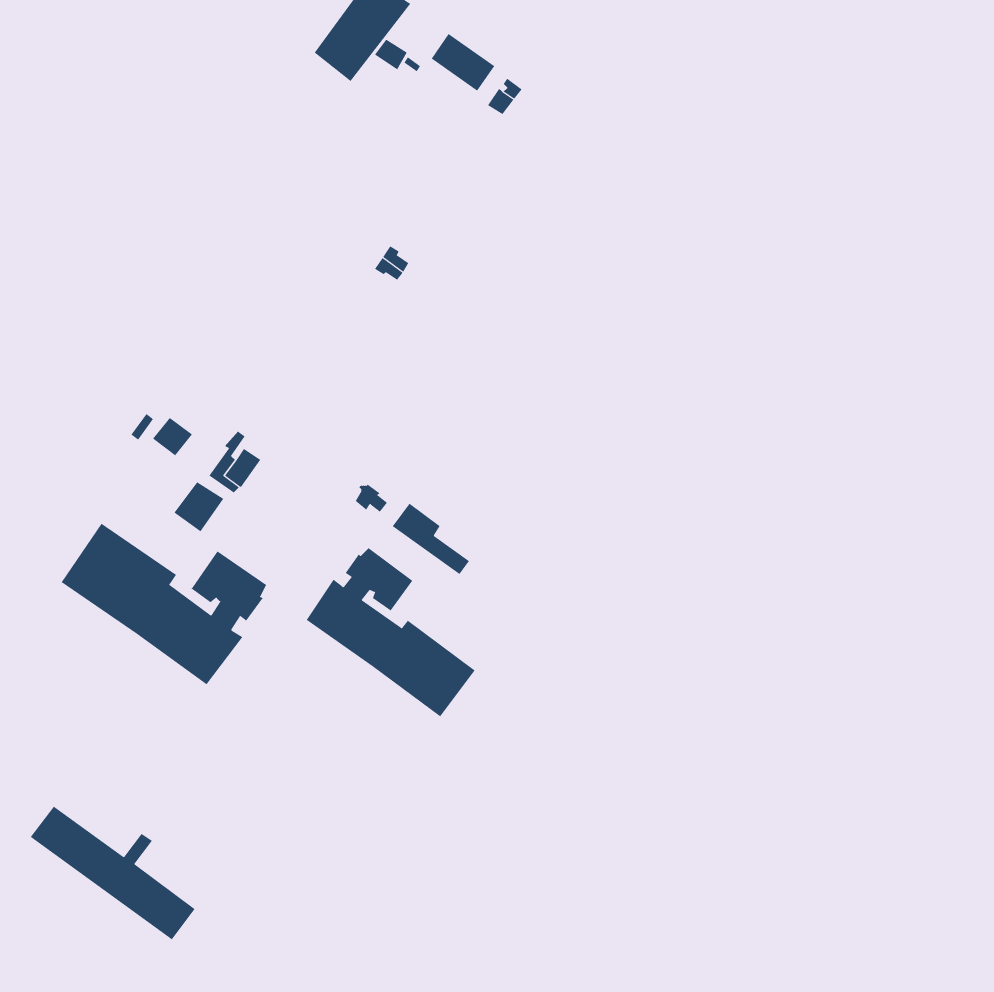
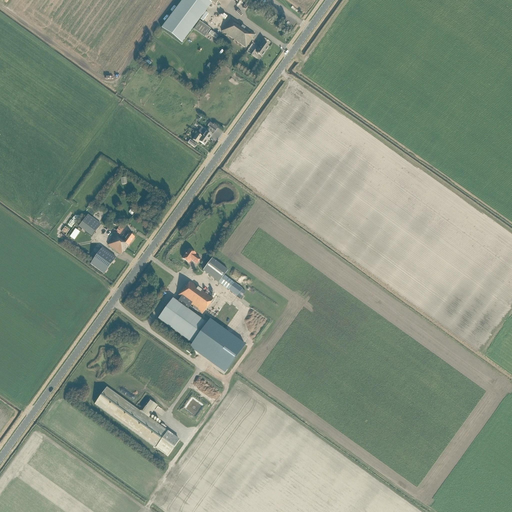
building: [61,523,267,685] -> none
building: [30,806,196,940] -> [93,386,178,455]

